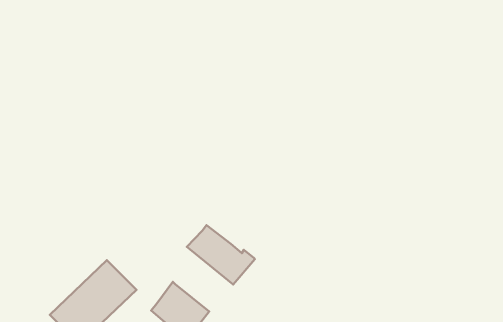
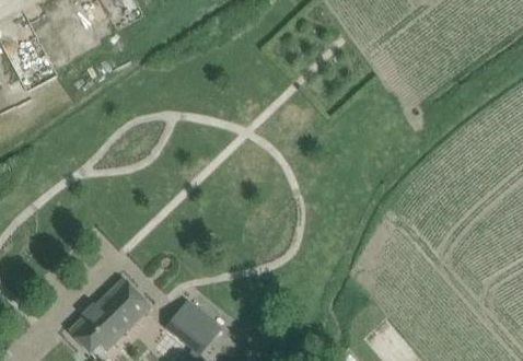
building: [187,225,255,285] -> none

